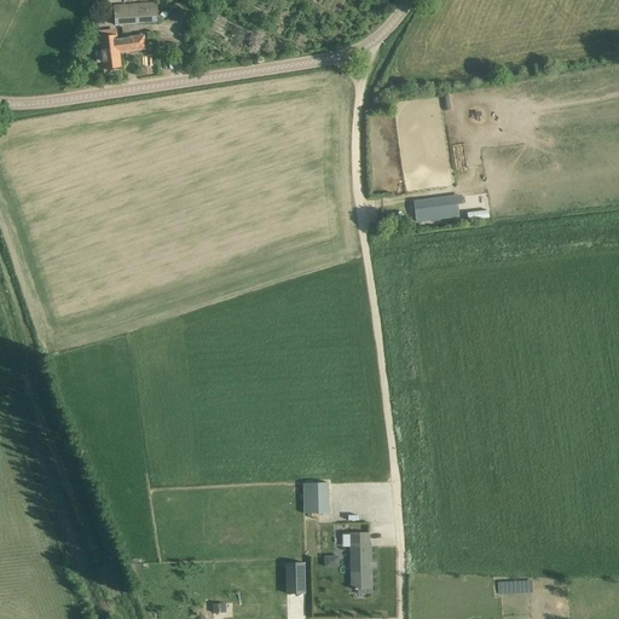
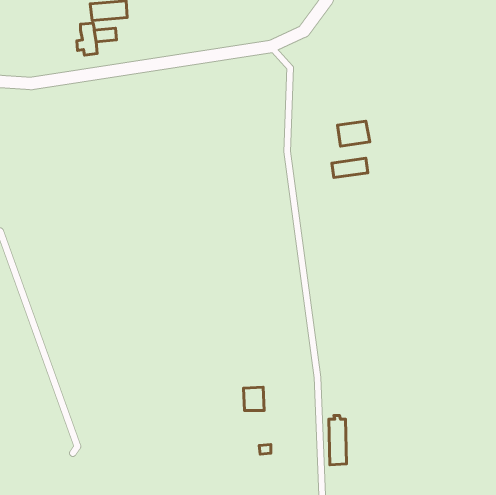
building: none -> [338,121,370,146]
building: [349,527,371,589] -> [329,415,346,465]
building: [287,562,305,592] -> none

